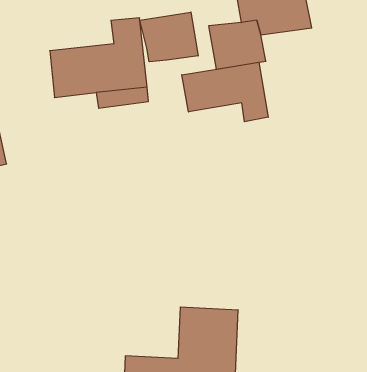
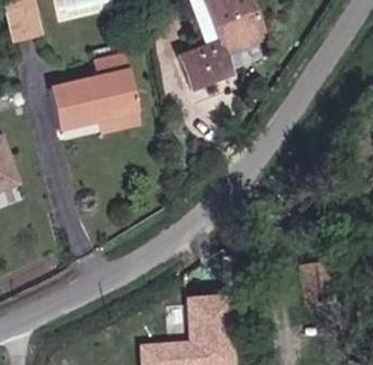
building: [140,12,198,62] -> none
building: [182,62,268,122] -> none

